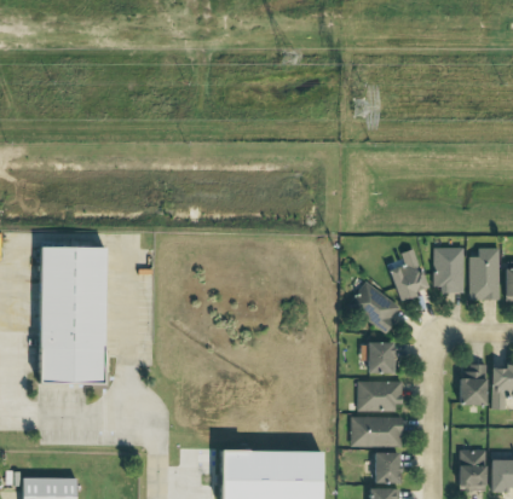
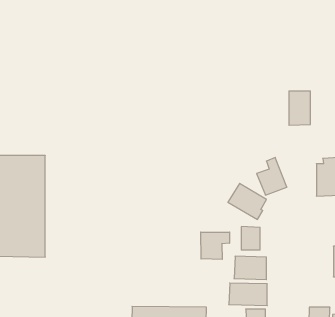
building: [436,248,465,294] -> [289,91,310,125]
building: none -> [201,232,230,259]
building: [460,364,488,405] -> none

